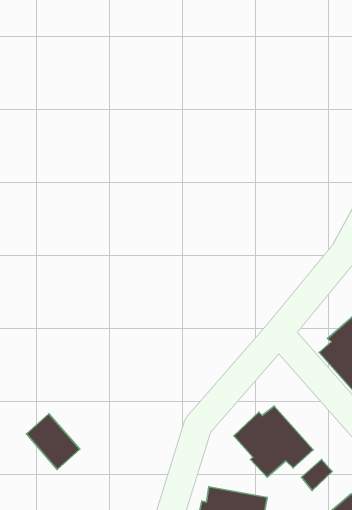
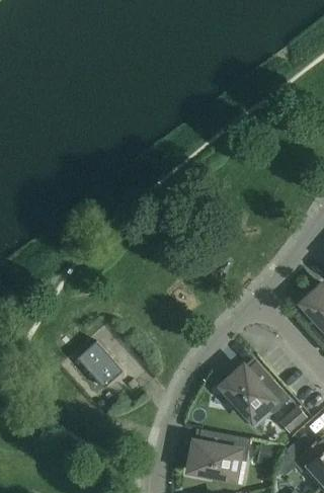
building: [26,414,80,469] -> [77,339,123,387]

